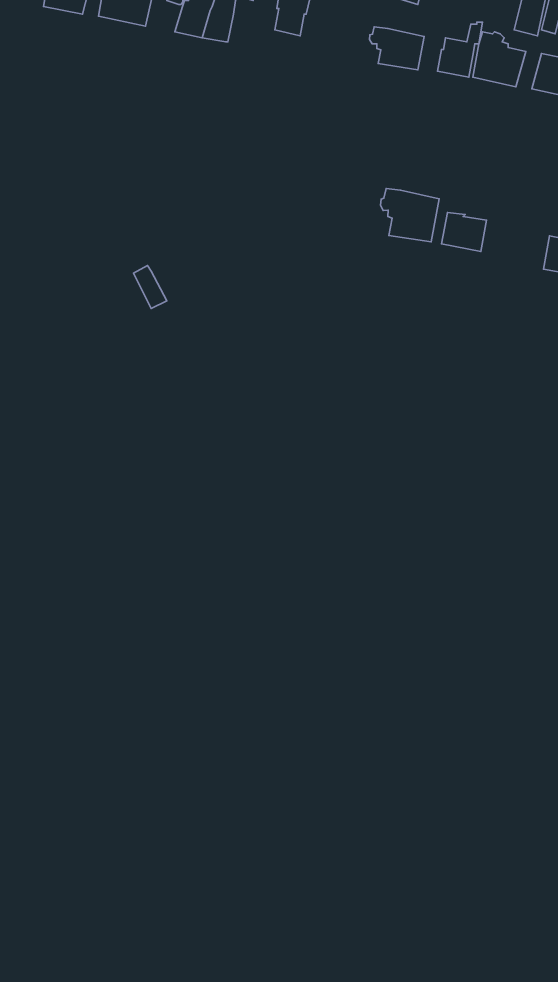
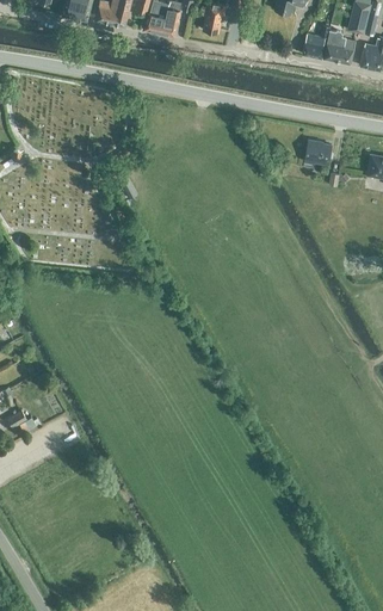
building: [370,27,424,70] -> none
building: [381,189,439,242] -> none

